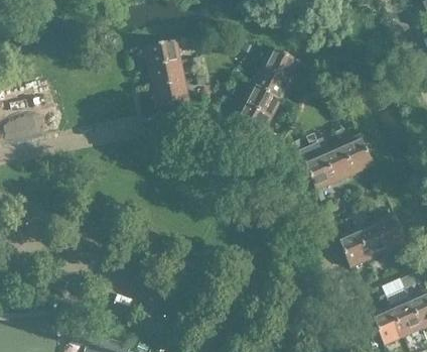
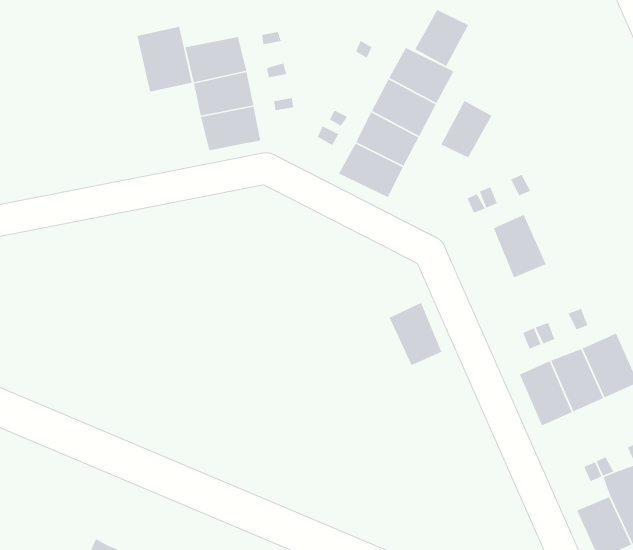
building: none -> [414,9,469,67]
building: none -> [137,26,193,93]
building: none -> [440,100,492,159]
building: [341,133,374,171] -> none
building: [304,150,335,188] -> [388,302,442,366]

